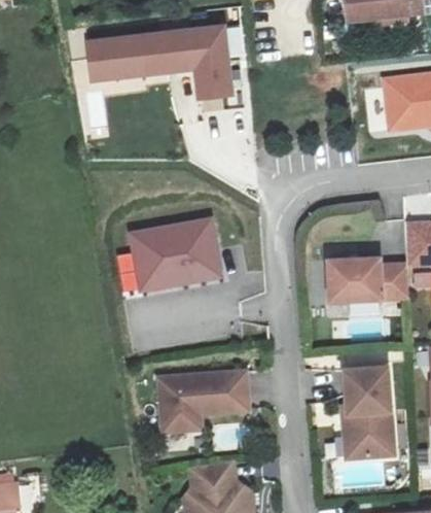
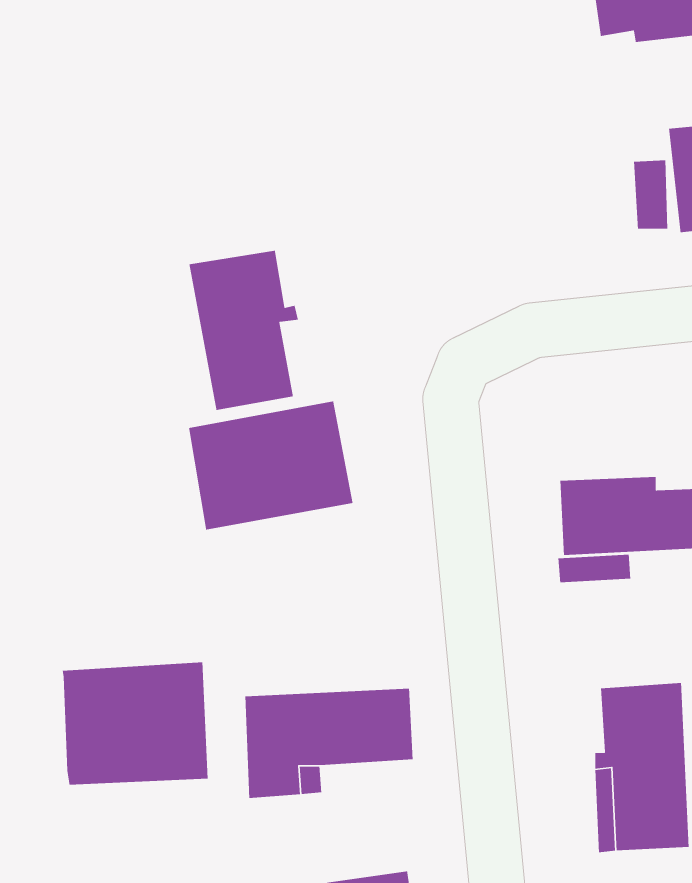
building: [84,25,228,96] -> none
building: none -> [189,250,299,411]
building: none -> [62,661,209,786]

